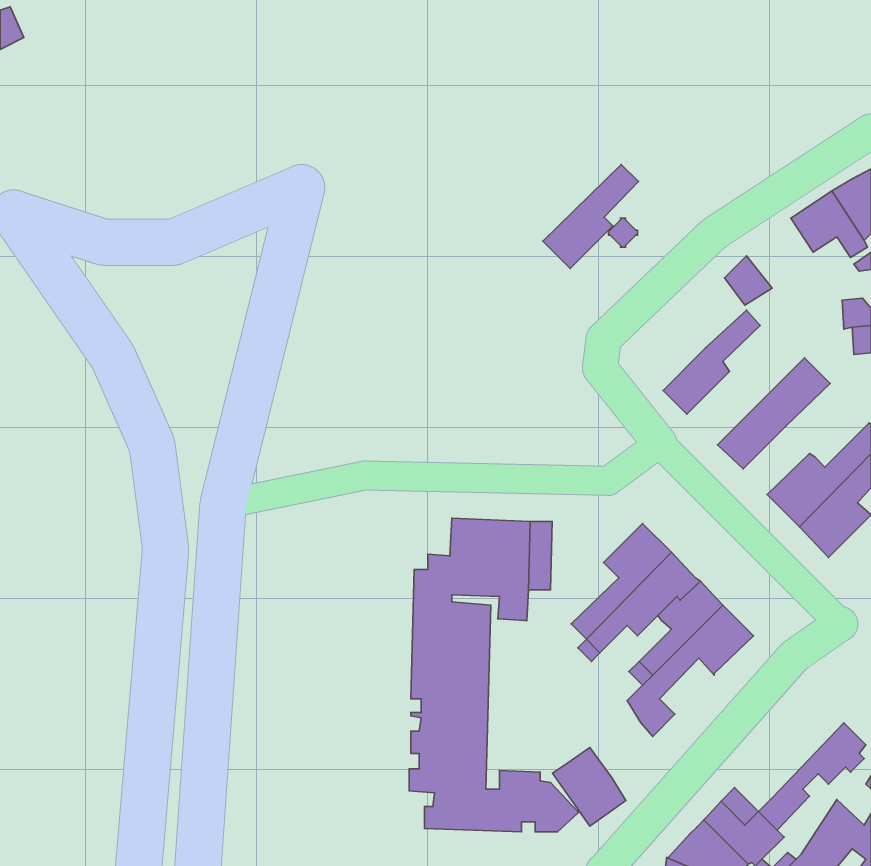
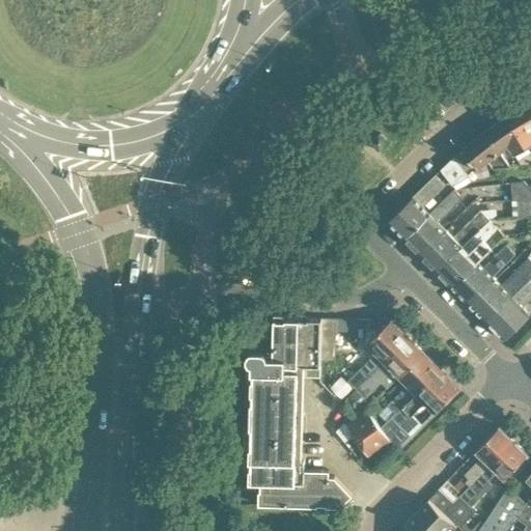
building: [543,164,638,268] -> [387,177,445,241]
building: none -> [454,136,508,178]
building: none -> [418,213,490,274]
building: none -> [452,247,515,304]
building: none -> [465,428,513,488]
building: [552,748,626,826] -> [345,411,390,458]

